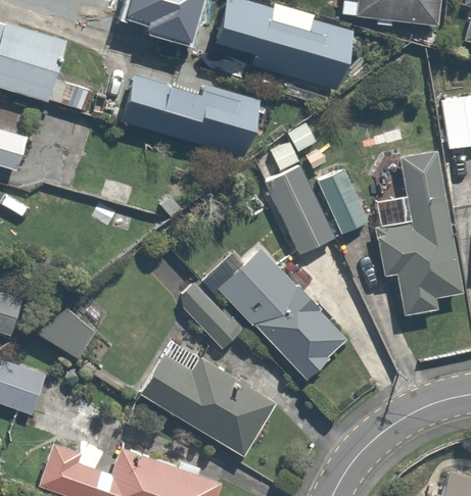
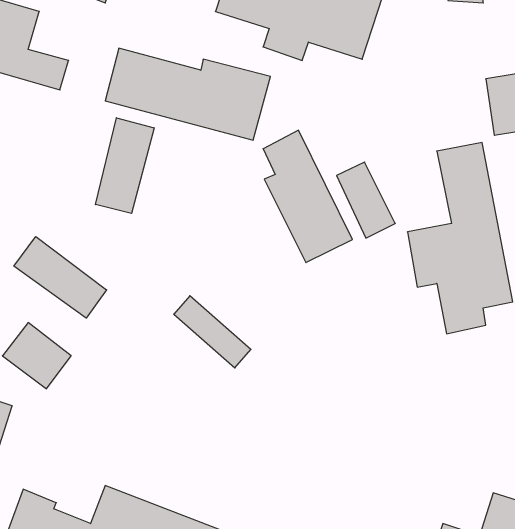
building: none -> [95,118,154,213]
building: none -> [14,237,107,318]
building: [214,246,342,379] -> none
building: [143,344,273,452] -> none

